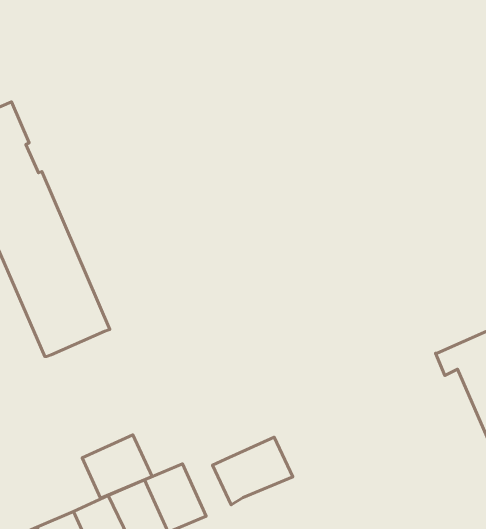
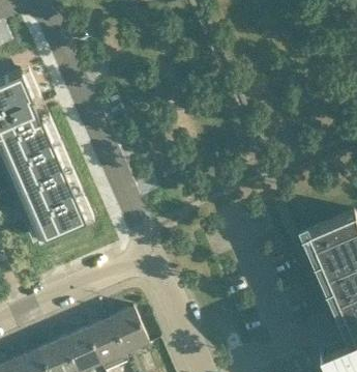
building: [82,435,152,498] -> none
building: [212,437,293,505] -> none

